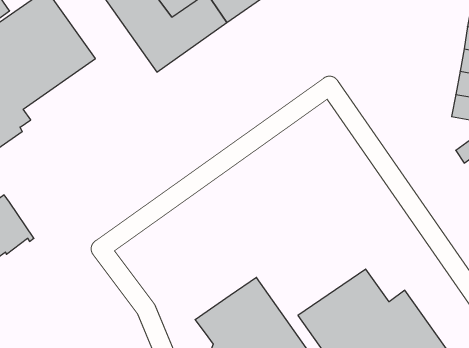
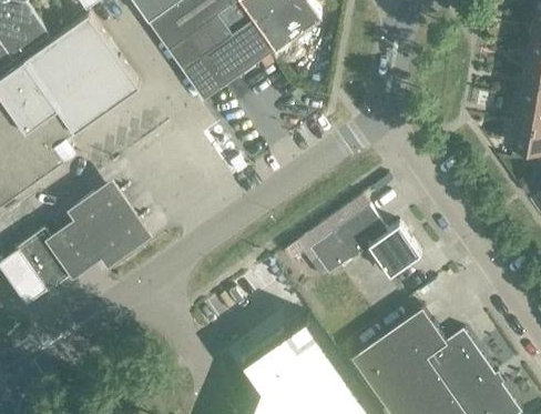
building: none -> [50,180,151,275]
building: none -> [300,196,421,281]

